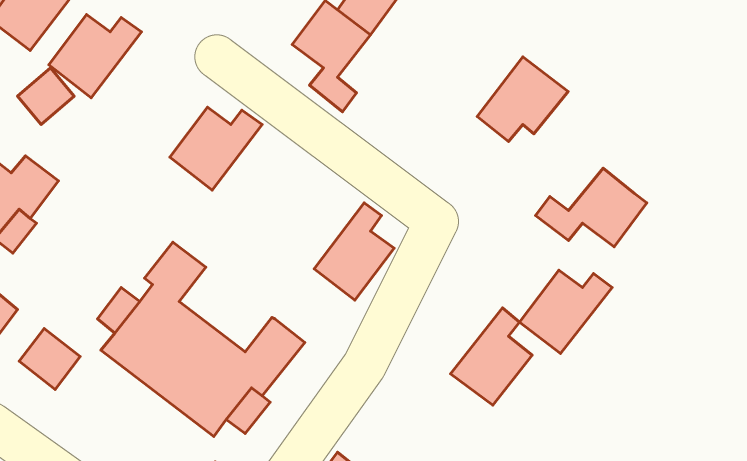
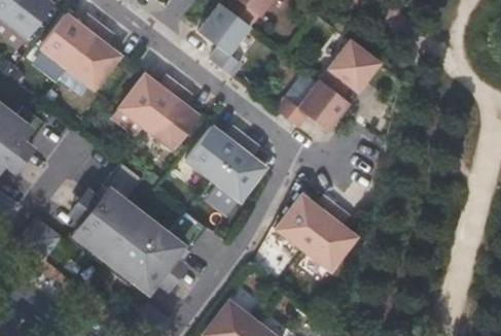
building: none -> [67,25,119,89]
building: none -> [146,86,198,149]
building: [536,168,647,247] -> [276,80,349,132]
building: none -> [185,126,246,180]
building: [520,270,612,353] -> [276,195,336,249]

